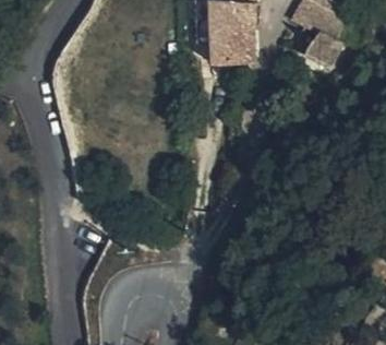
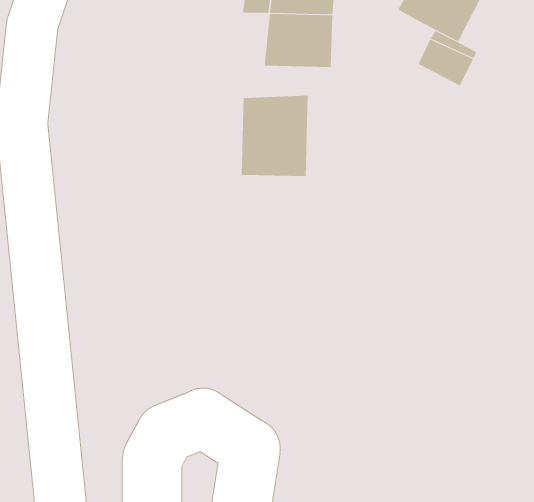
building: none -> [241,95,308,177]

